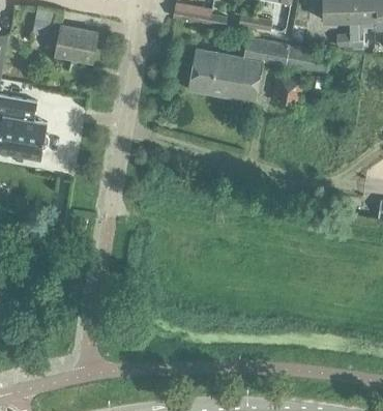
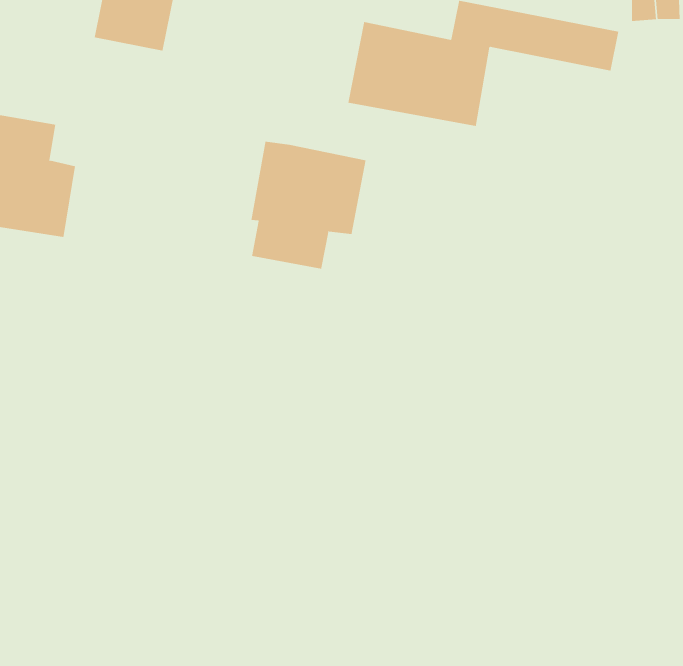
building: none -> [251,141,366,270]

